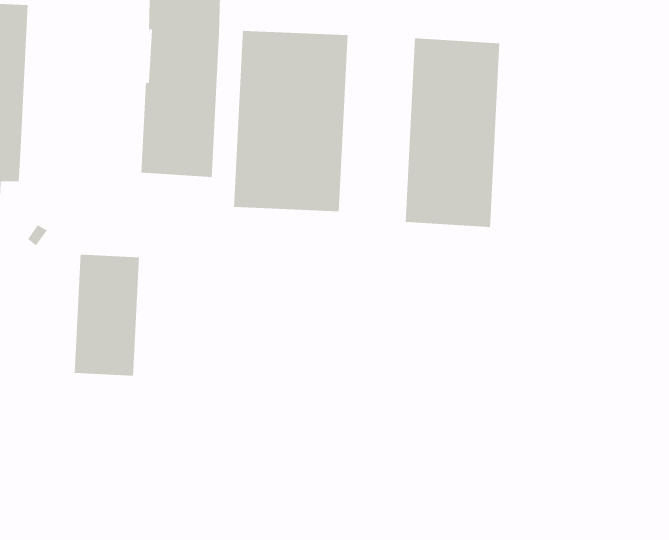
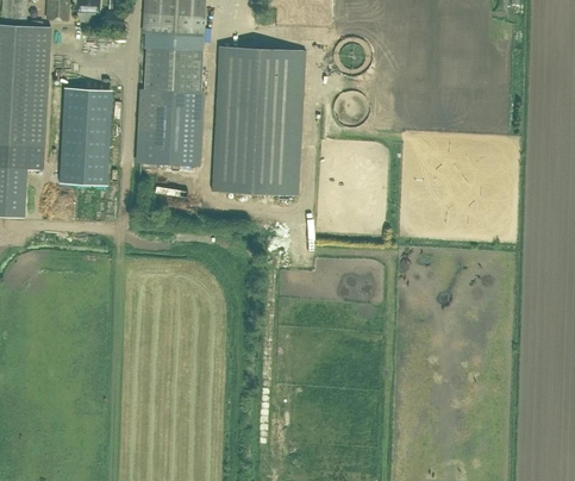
building: [405,38,500,228] -> none
building: [74,254,140,376] -> [60,87,112,185]

